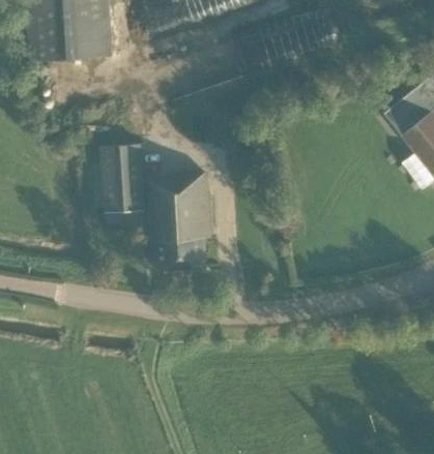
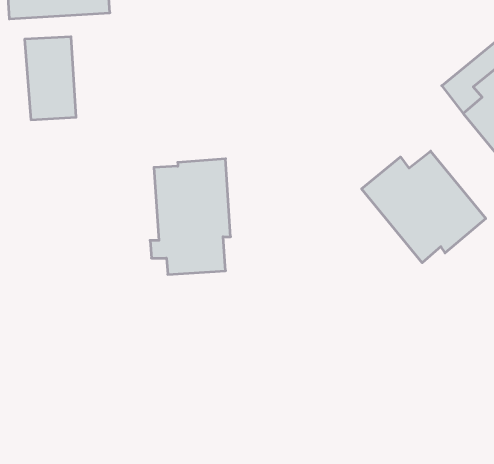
building: [103,145,145,213] -> [25,37,76,120]
building: none -> [362,151,486,263]

